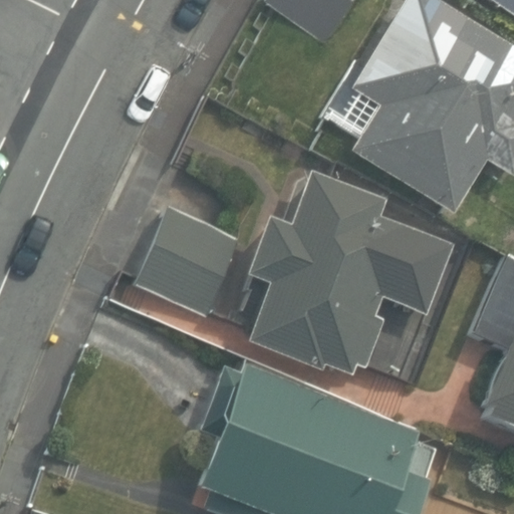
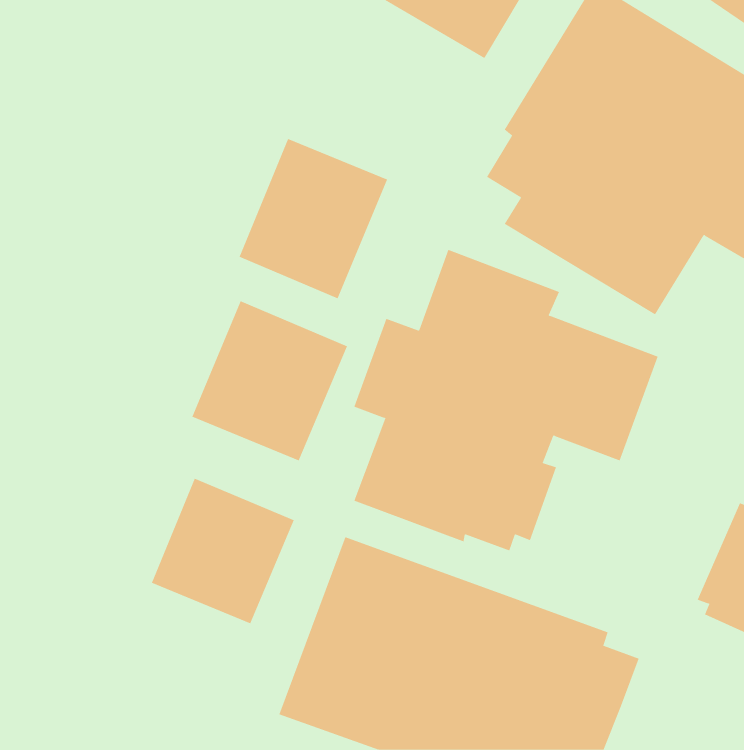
building: none -> [239,138,388,299]
building: none -> [151,478,295,624]

